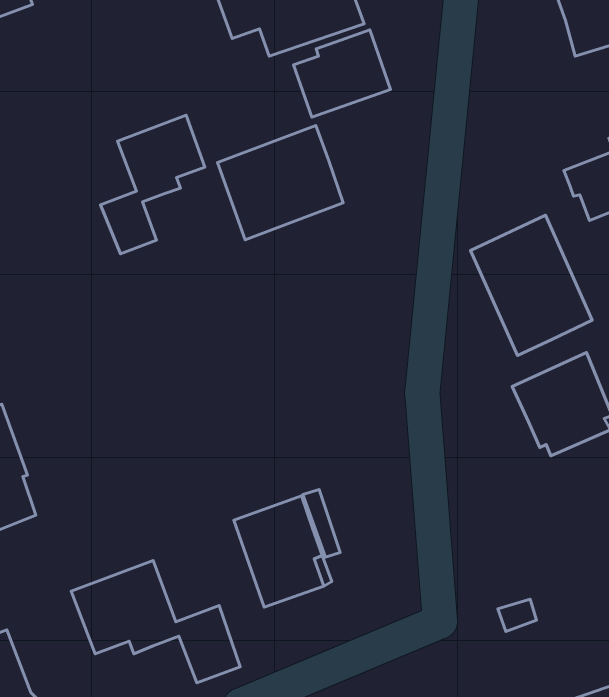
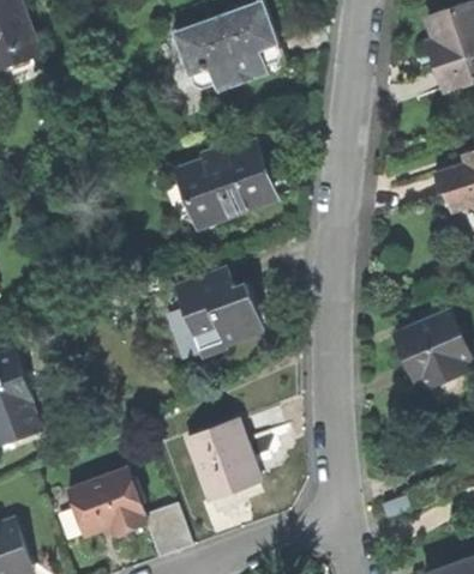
building: [294,30,391,117] -> none
building: [100,115,205,254] -> none
building: [470,215,592,356] -> none
building: none -> [157,268,263,363]

